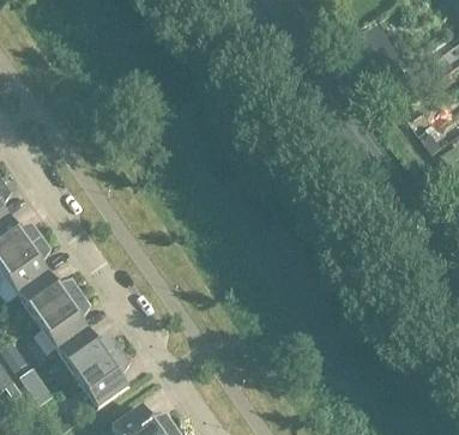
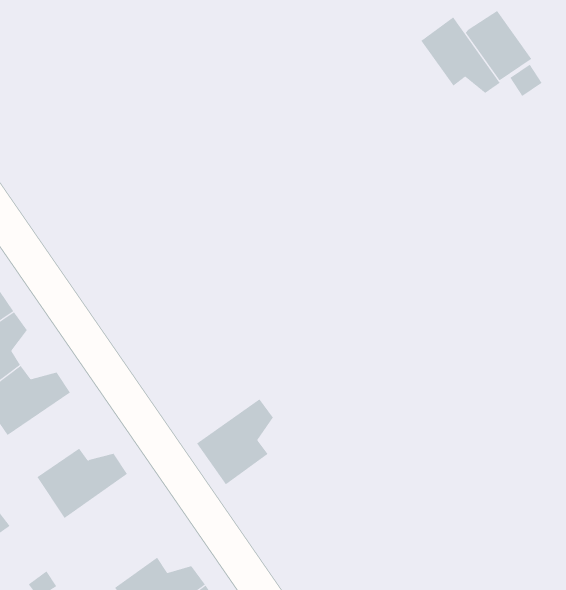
building: none -> [421,17,501,94]
building: [36,291,90,350] -> none
building: [76,348,129,407] -> [196,399,274,485]

